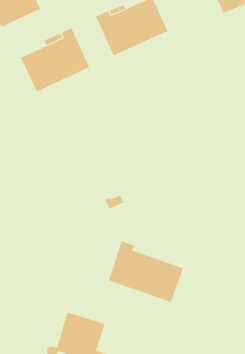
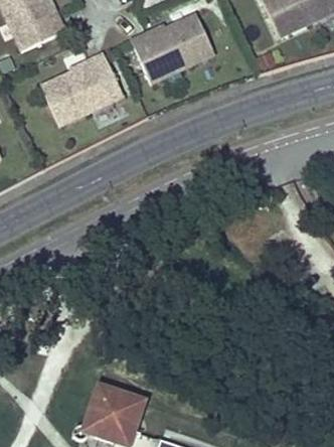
building: [108,240,184,303] -> none

